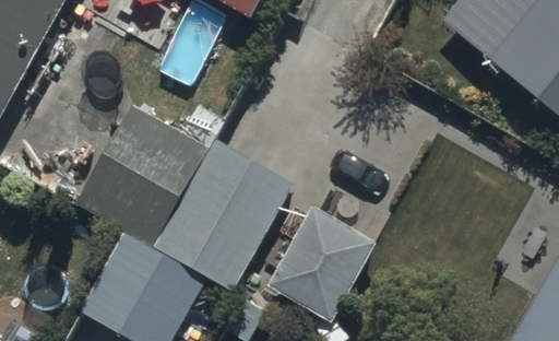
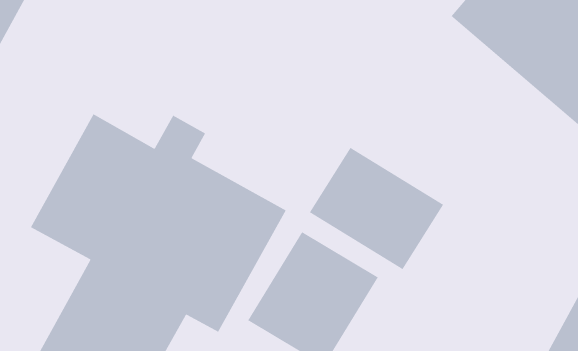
building: none -> [309,147,444,270]

